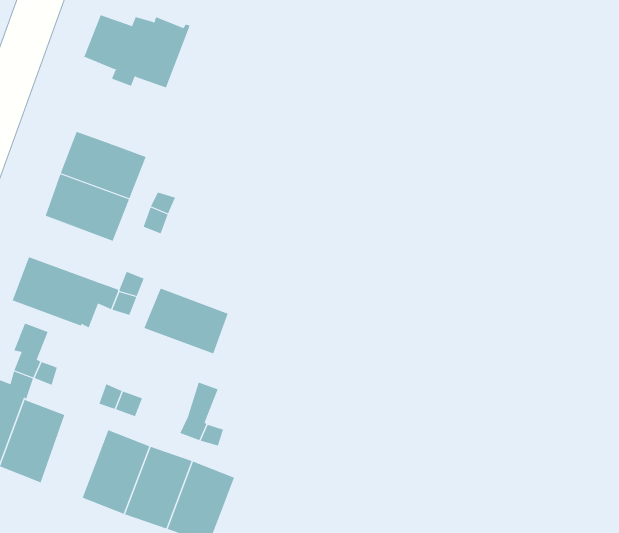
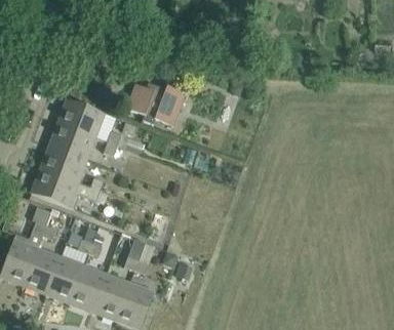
building: [84,15,191,88] -> [126,83,186,124]
building: [144,288,228,354] -> [39,145,86,181]
building: none -> [46,255,83,301]

